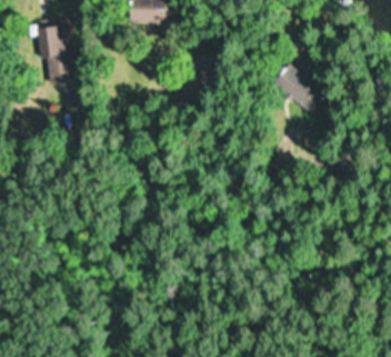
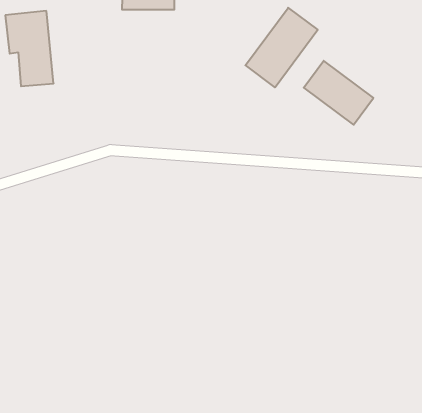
building: none -> [245,8,318,87]

